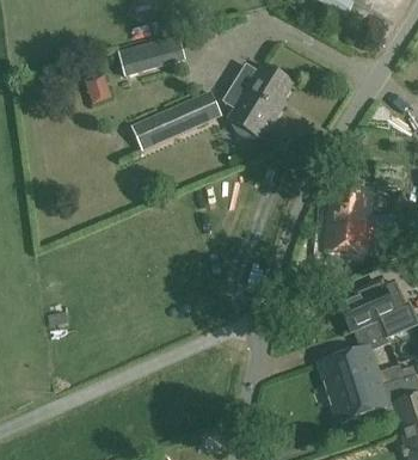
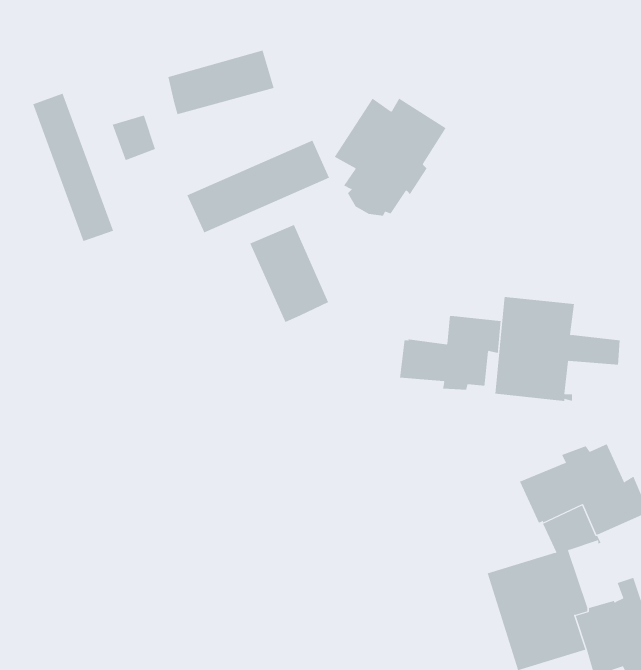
building: none -> [32,93,114,242]
building: none -> [250,224,329,323]
building: none -> [400,315,501,390]

